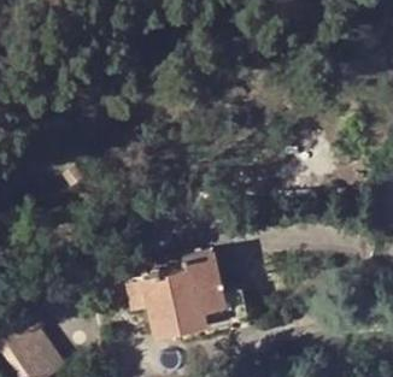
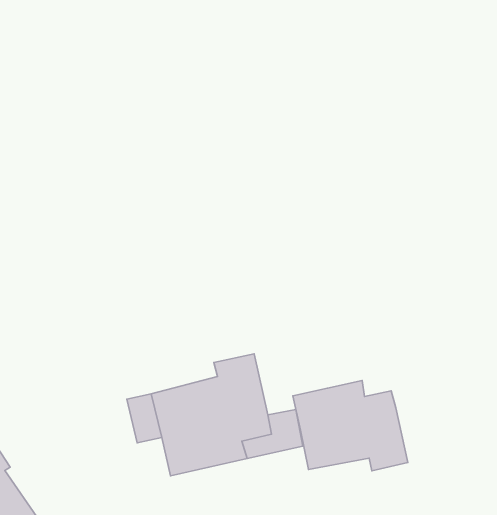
building: none -> [293,381,408,471]

